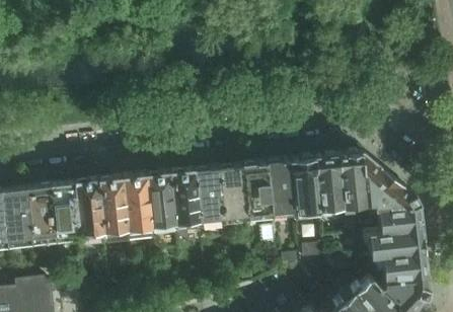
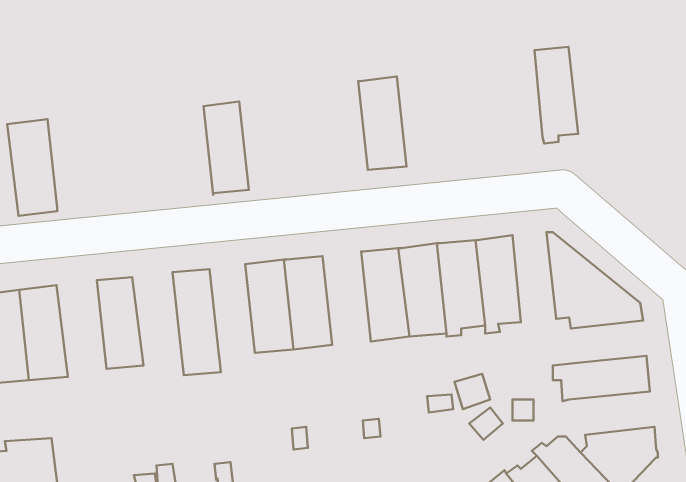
building: [335,153,363,214] -> [534,47,578,143]
building: [216,165,246,224] -> [358,76,407,170]
building: [145,173,173,232] -> [204,101,249,195]
building: [96,178,128,237] -> none
building: [49,183,80,244] -> [7,119,57,216]
building: [372,209,420,235] -> none
building: [371,253,425,281] -> none

